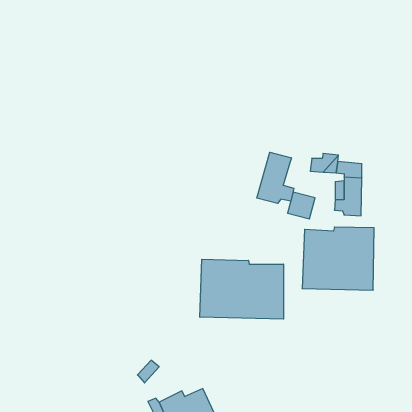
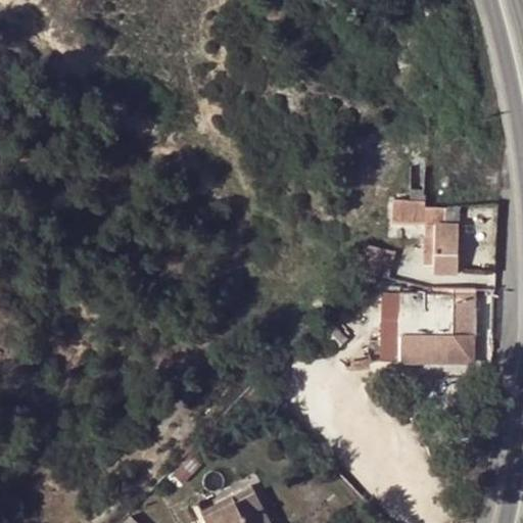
building: [257,152,294,203] -> none
building: [200,259,283,319] -> none

